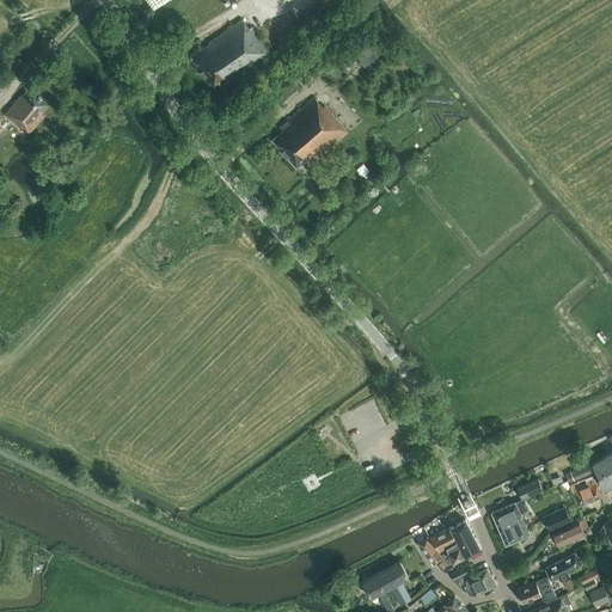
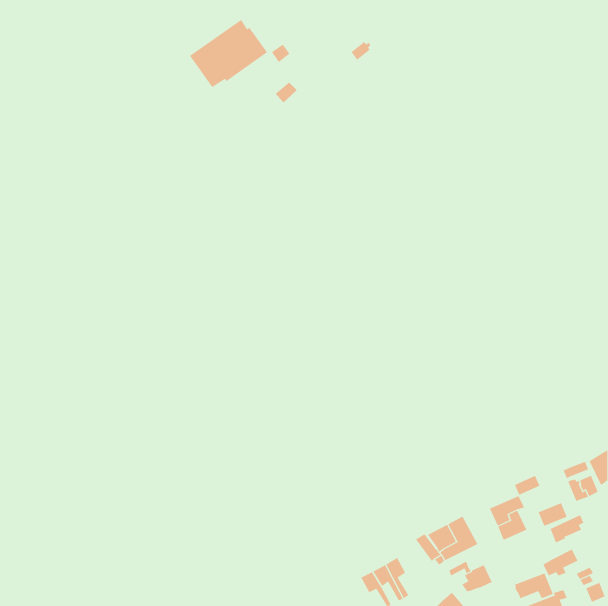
building: [5,87,50,134] -> none
building: [271,98,348,169] -> none

